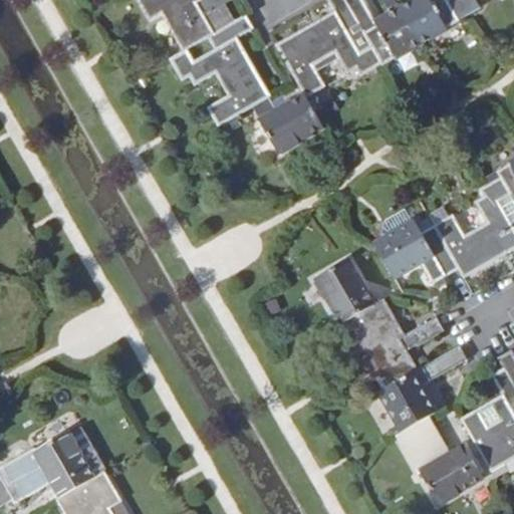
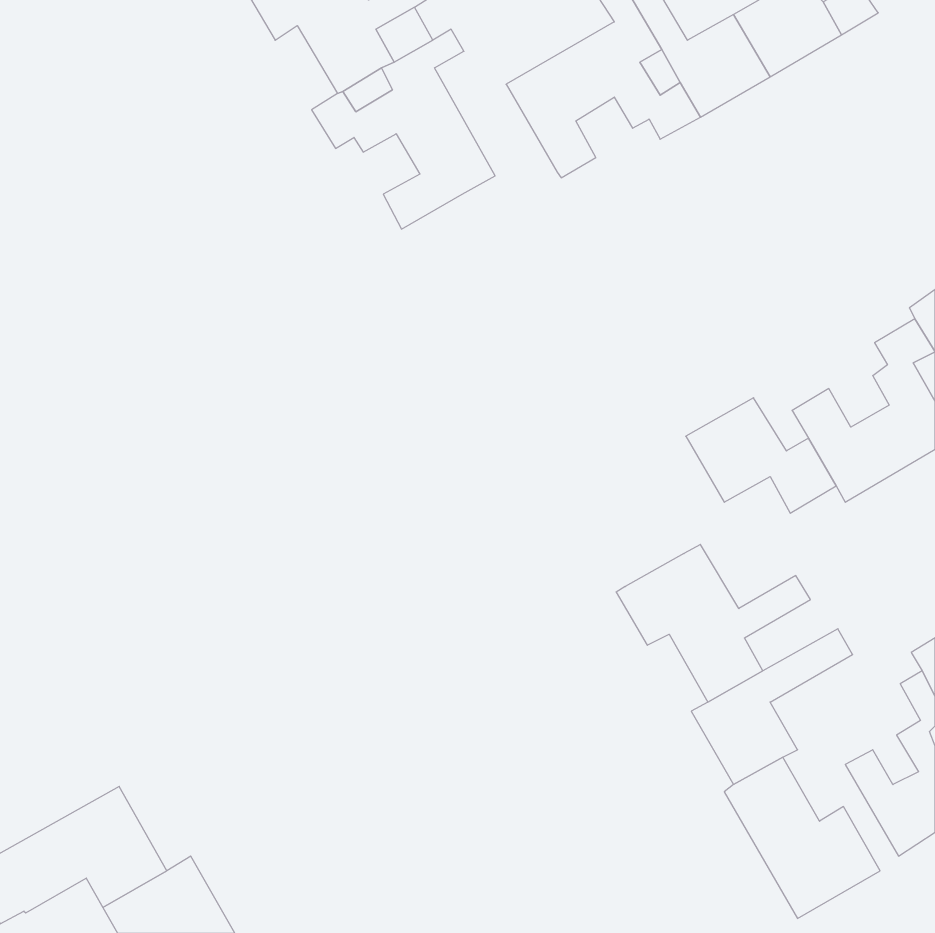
building: [253,94,323,153] -> none
building: [316,258,374,321] -> none

